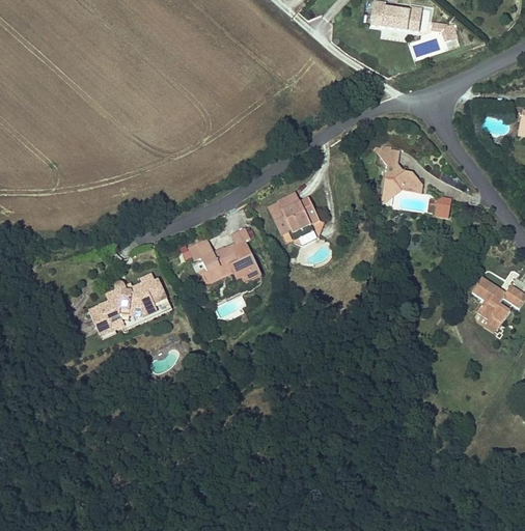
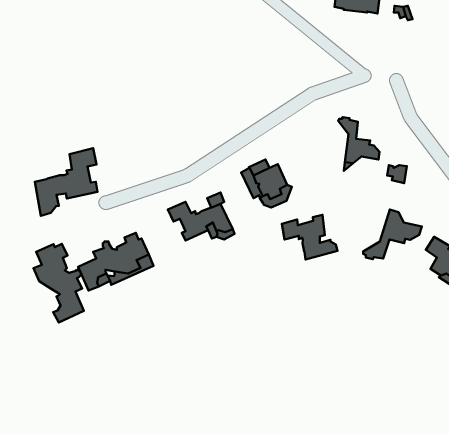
building: none -> [35,148,98,216]
building: none -> [363,210,422,259]
building: none -> [282,215,337,260]
building: none -> [34,244,84,322]

